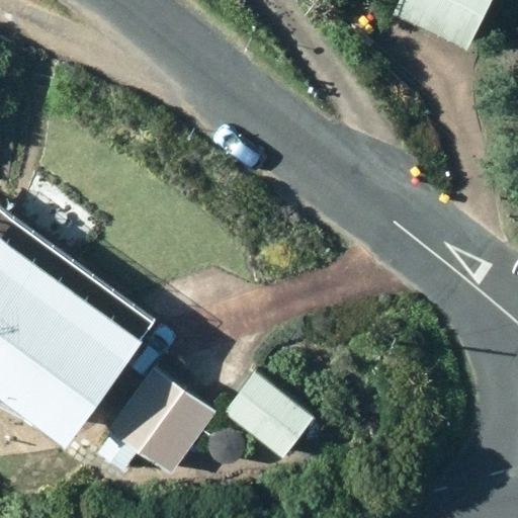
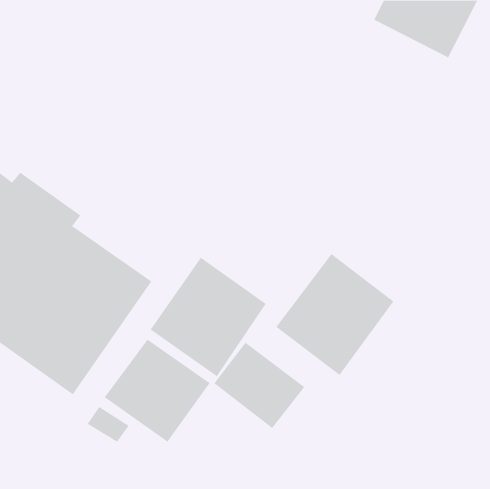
building: none -> [276,253,394,376]
building: none -> [150,257,267,377]

